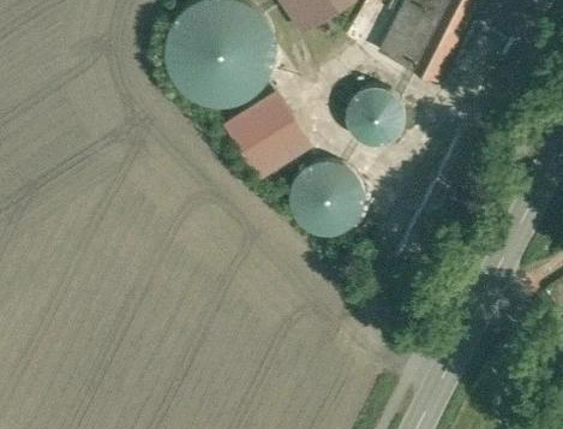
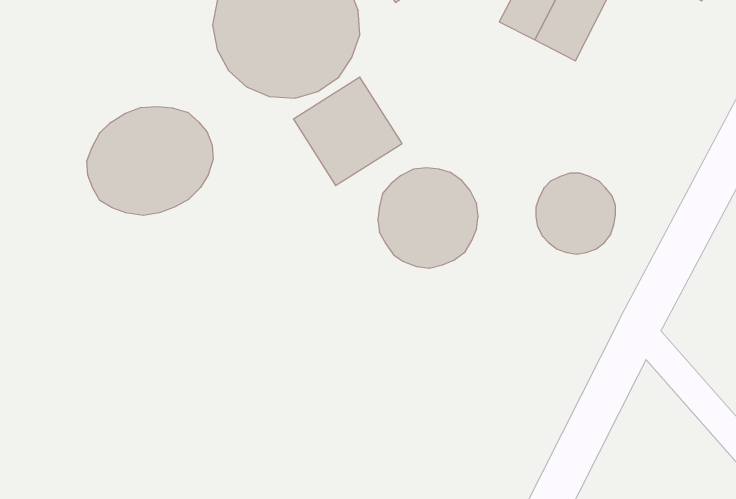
building: [345,83,403,143] -> [536,173,615,254]
building: none -> [87,107,213,215]

